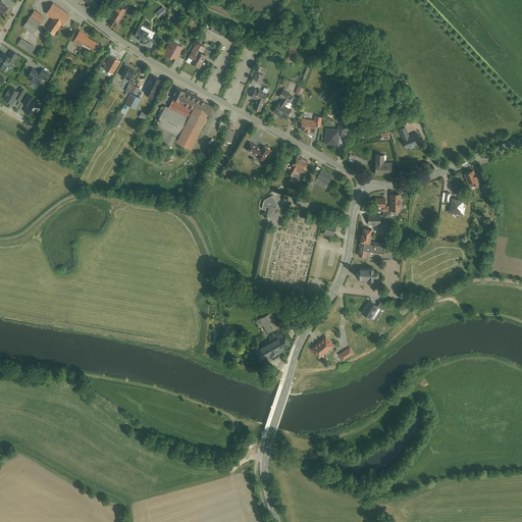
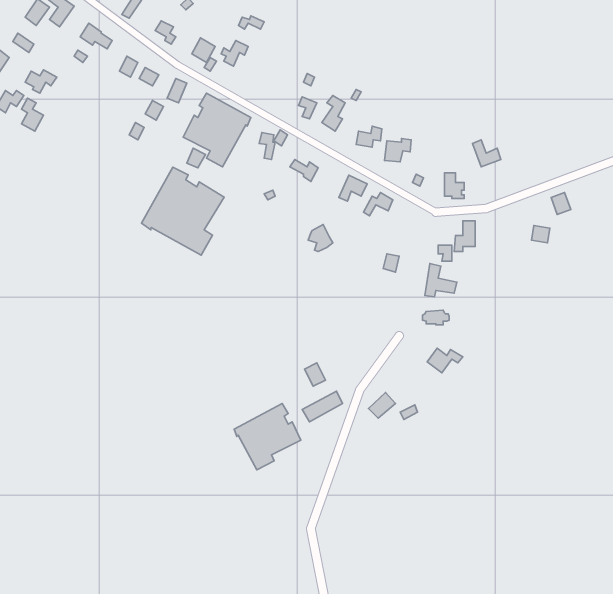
building: none -> [142,167,224,255]
building: none -> [234,403,301,470]

